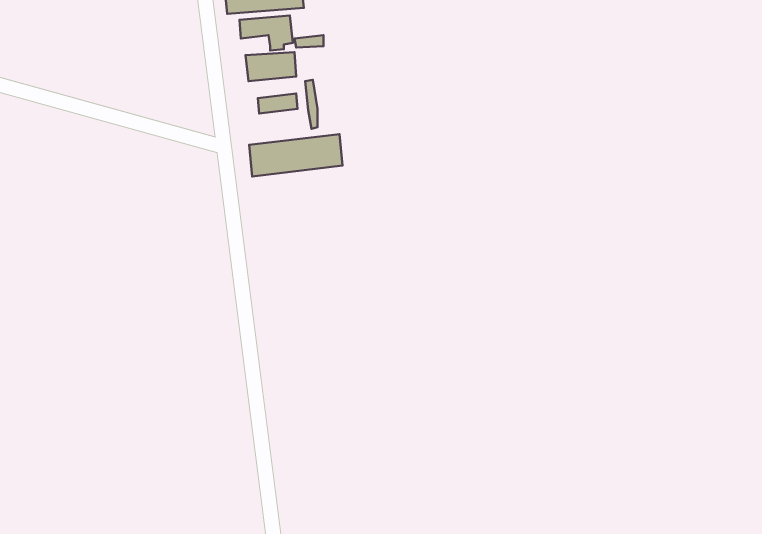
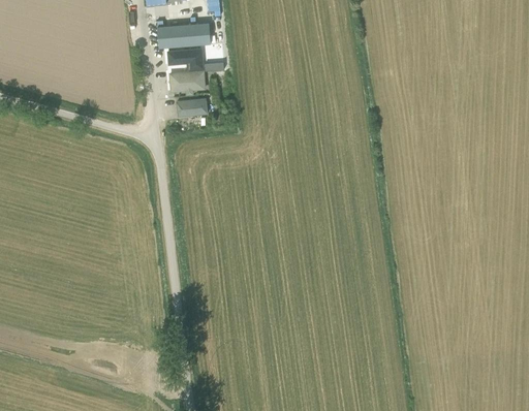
building: [249,134,342,176] -> none

